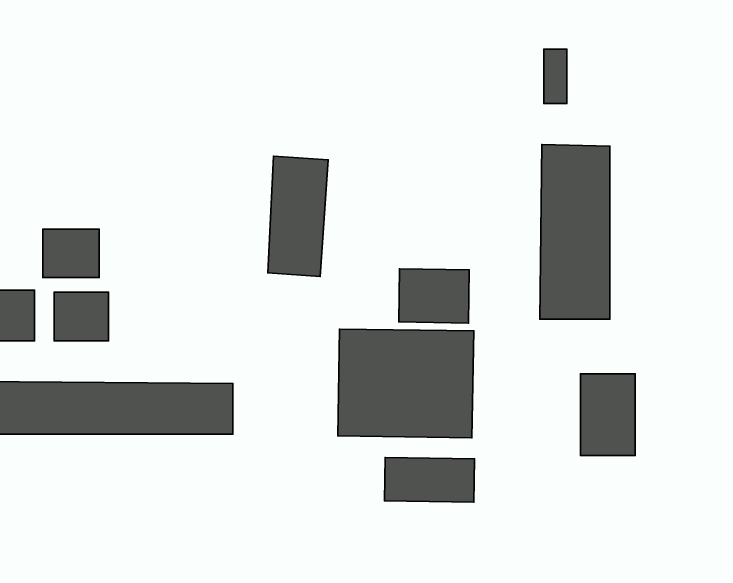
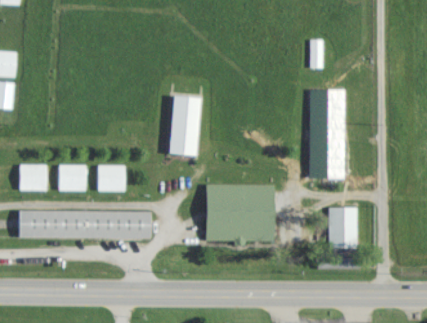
building: [43,229,99,278] -> [97,166,126,191]
building: [399,269,469,323] -> none
building: [384,458,475,502] -> none

